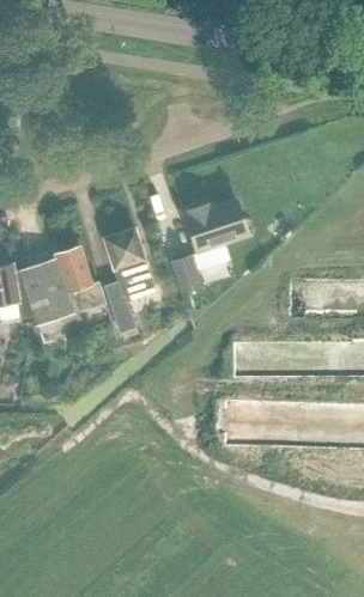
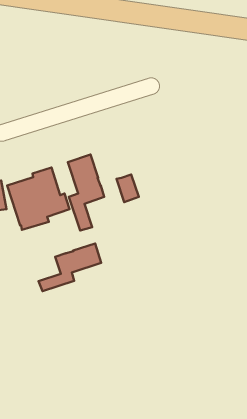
building: [183,199,249,254] -> none
building: none -> [39,243,101,291]

